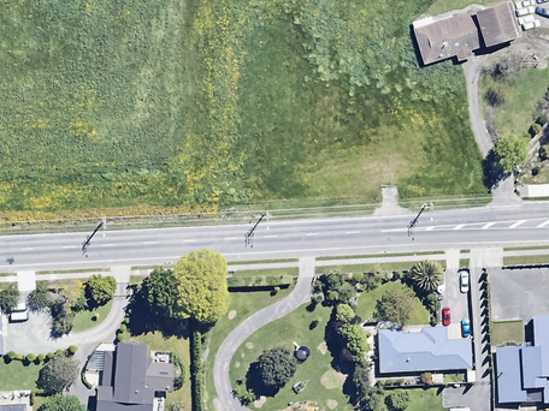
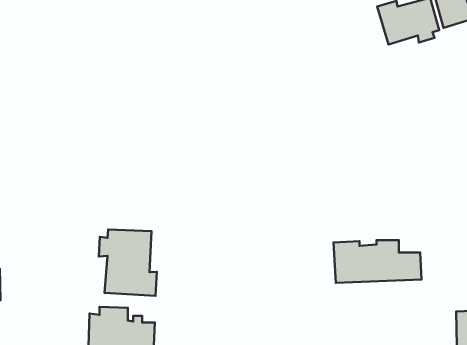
building: none -> [99,229,157,296]
building: [378,327,472,373] -> [334,240,421,283]

